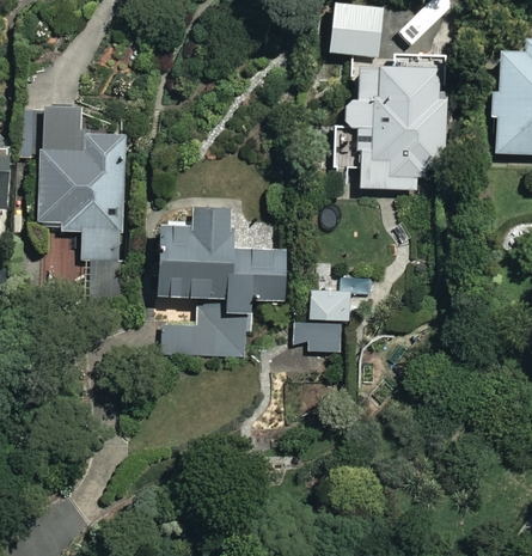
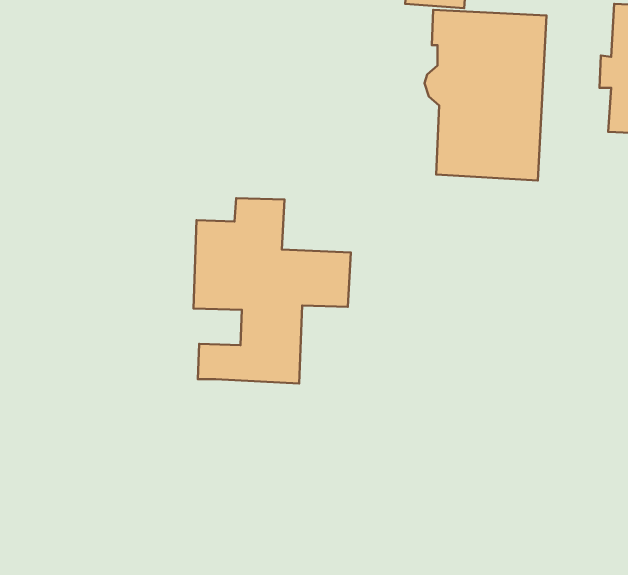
building: [38,109,126,261] -> none
building: [288,285,351,353] -> none

